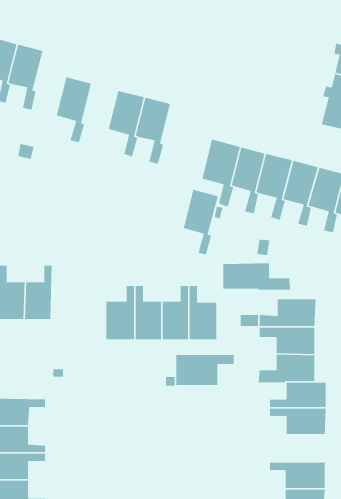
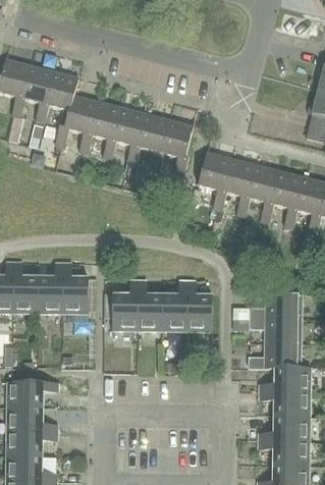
building: none -> [45,68,78,147]
building: none -> [89,98,121,159]
building: [183,189,219,255] -> [160,116,193,176]
building: [222,262,291,290] -> none
building: none -> [61,262,87,312]
building: [175,354,235,386] -> none
building: none -> [258,416,309,440]

